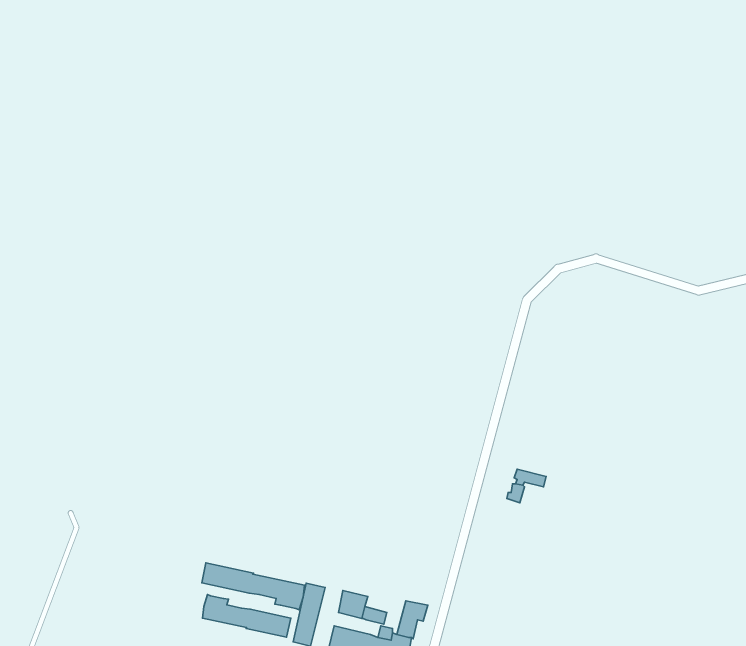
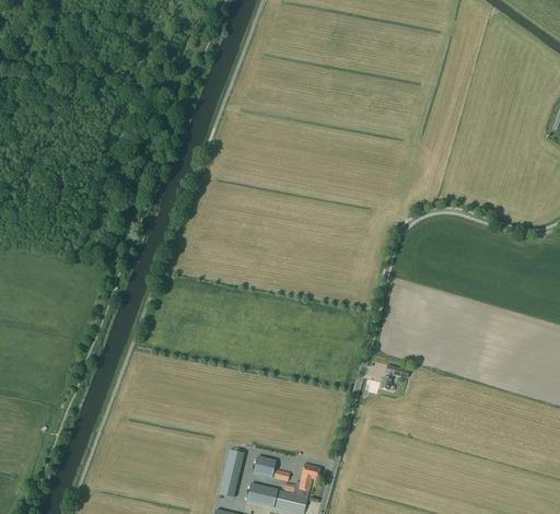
building: [202,563,304,610] -> none
building: [202,595,291,637] -> none

